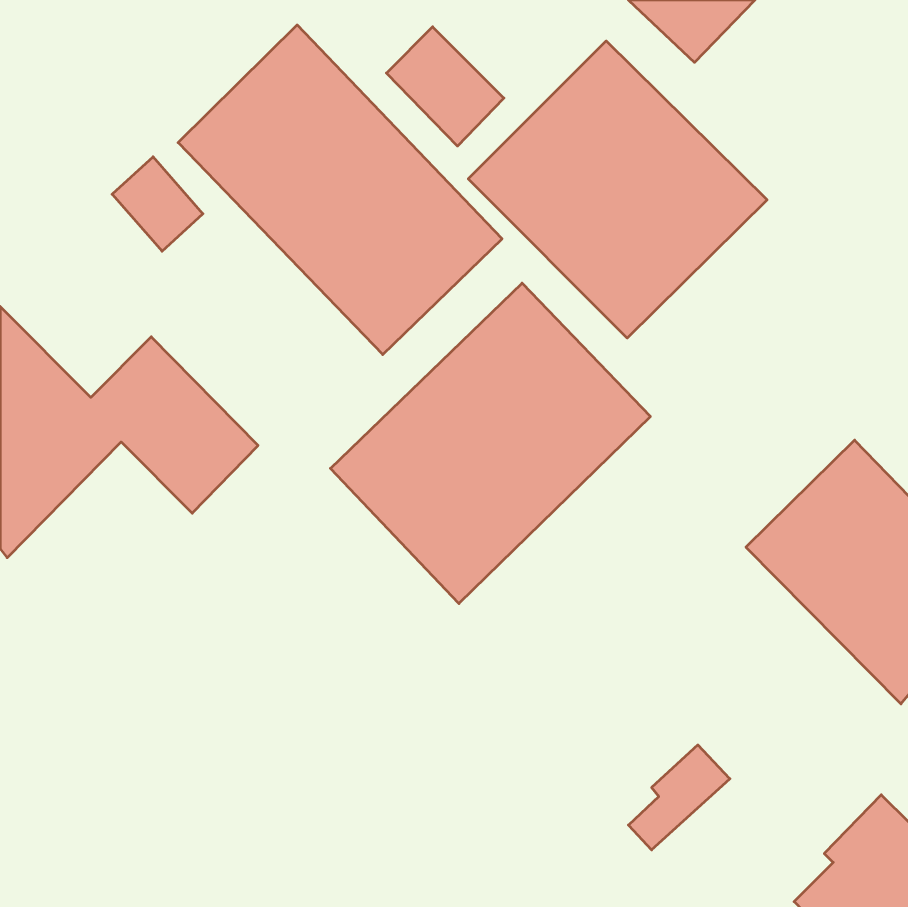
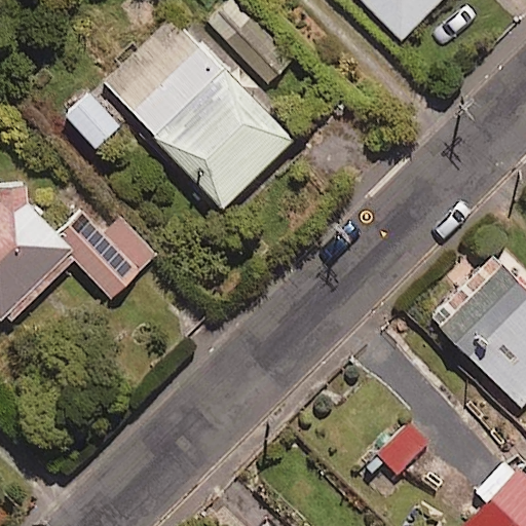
building: [468,41,767,338] -> none
building: [330,283,650,604] -> none

